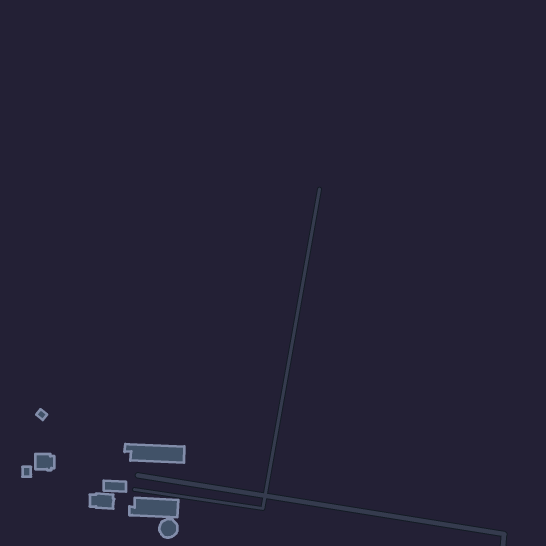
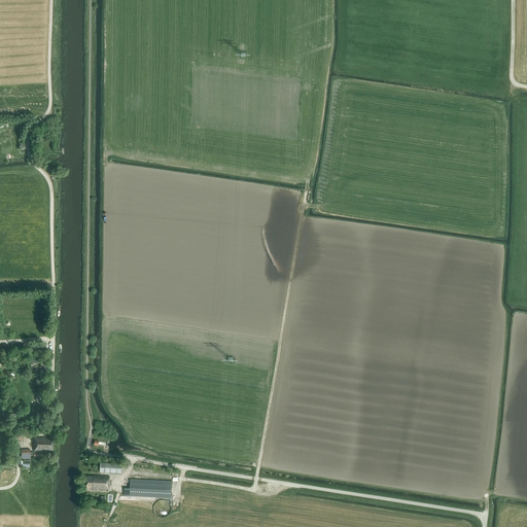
building: [125,444,184,463] -> none

